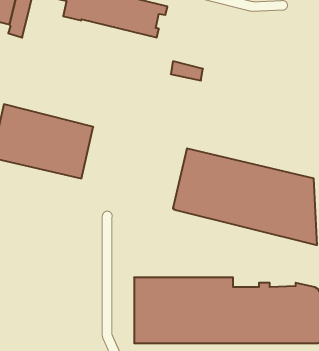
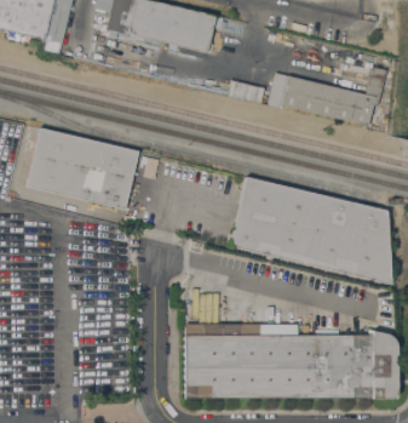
building: none -> [268,67,386,125]

